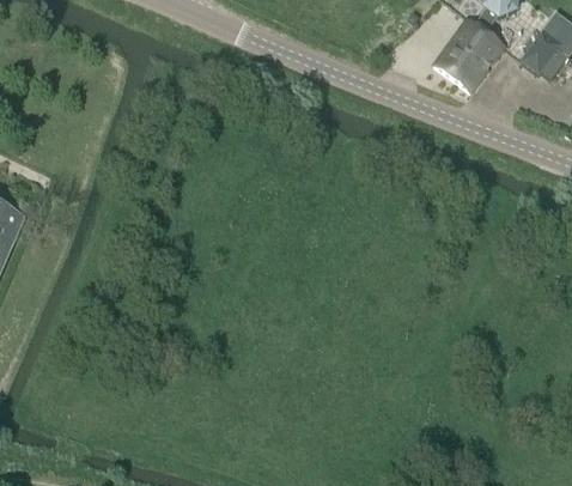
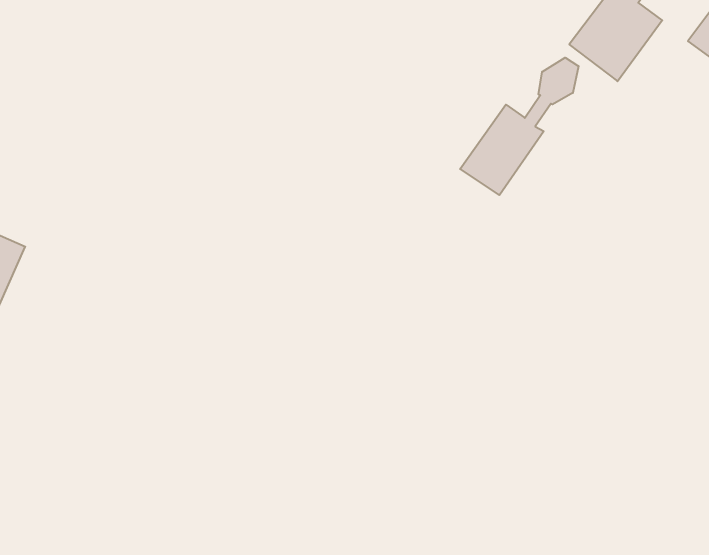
building: none -> [460,58,579,195]

